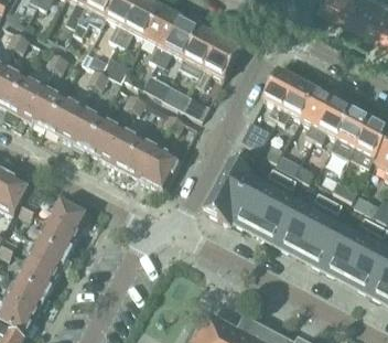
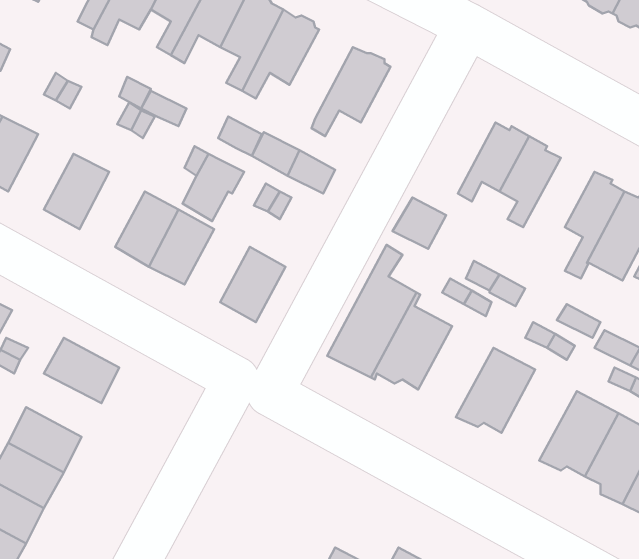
building: [179,26,218,76] -> none
building: [262,67,298,118] -> none
building: [26,85,63,127] -> none
building: [313,98,353,141] -> none
building: [66,106,103,148] -> none
building: [125,138,161,179] -> none
building: [255,192,297,243] -> none
building: [301,216,343,267] -> none
building: [36,218,78,254] -> none

